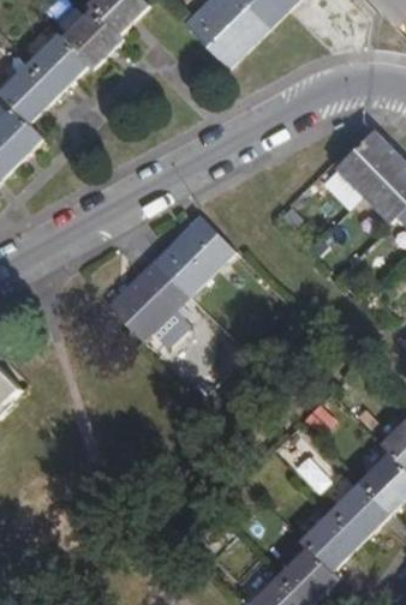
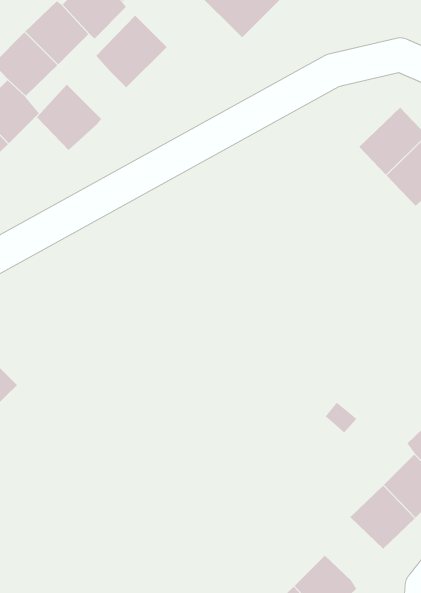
building: none -> [95,15,167,88]
building: none -> [36,84,102,151]
building: [108,216,234,349] -> none
building: [300,511,360,570] -> none

